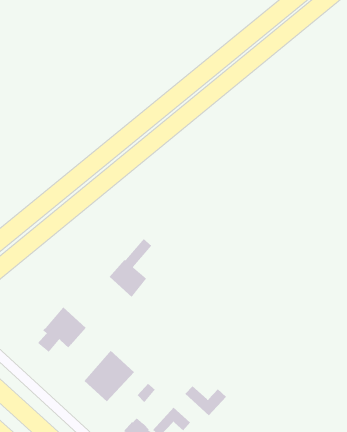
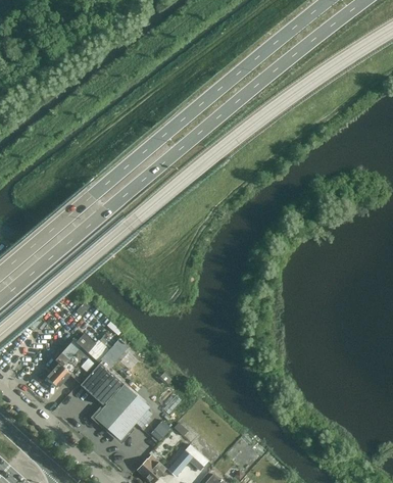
building: [109,238,152,298] -> [82,339,128,402]
building: [185,385,227,416] -> none

